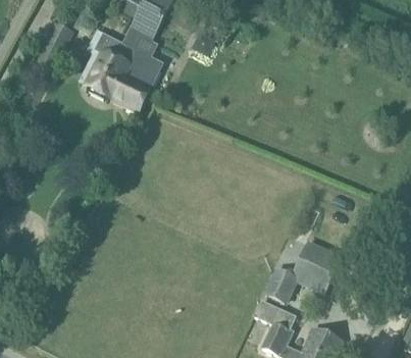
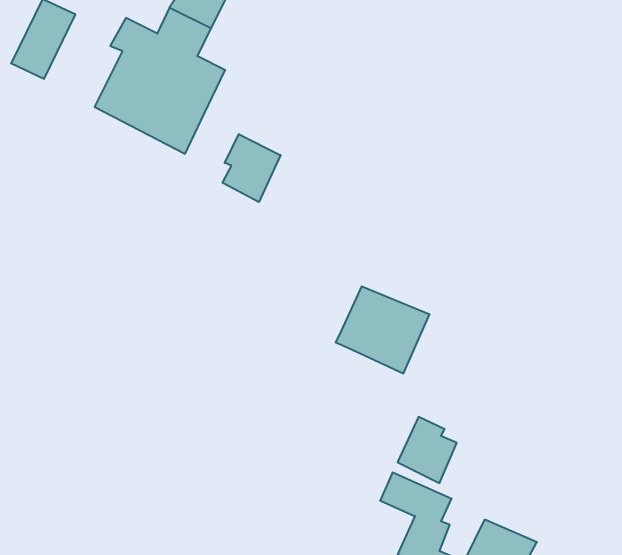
building: none -> [223,134,281,202]
building: [288,244,343,295] -> [336,286,430,374]

